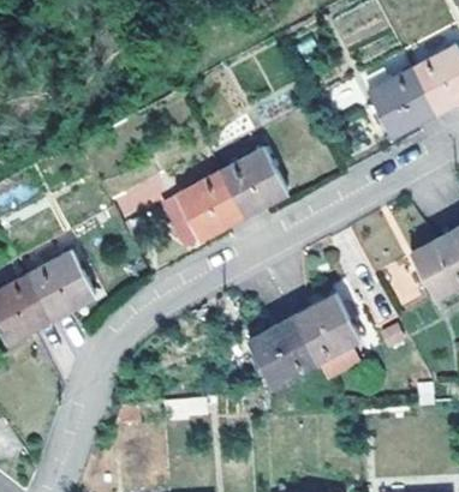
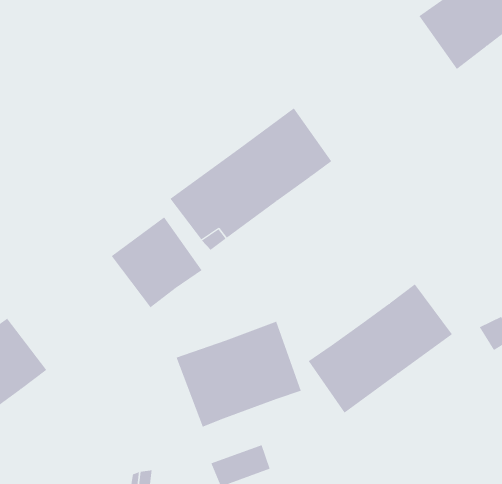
building: [26,251,94,318] -> [111,216,202,308]
building: none -> [176,321,302,428]

